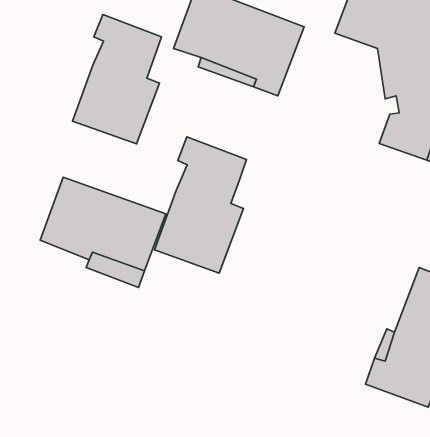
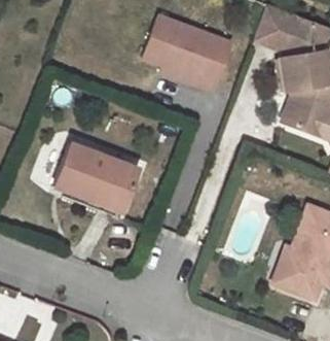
building: [73,15,161,144] -> none
building: [155,137,246,273] -> none

